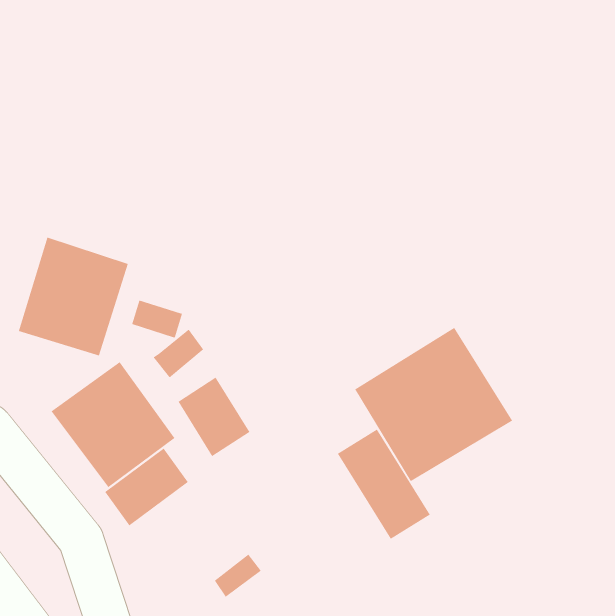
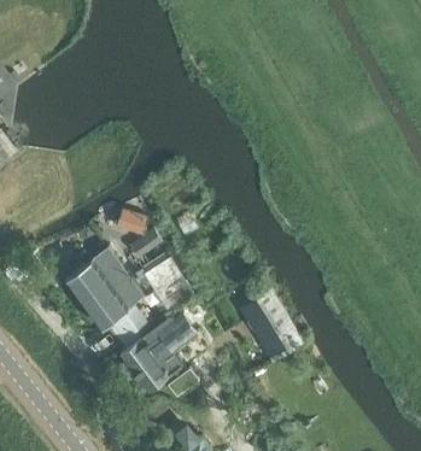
building: [18,236,129,357] -> none
building: [354,327,513,482] -> none
building: none -> [118,311,197,390]

